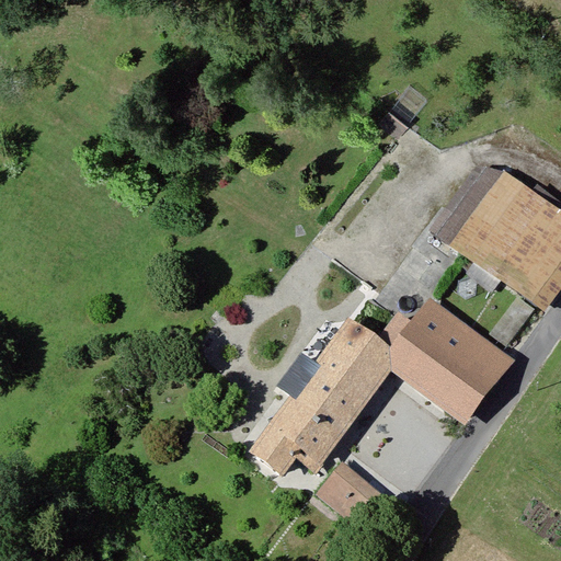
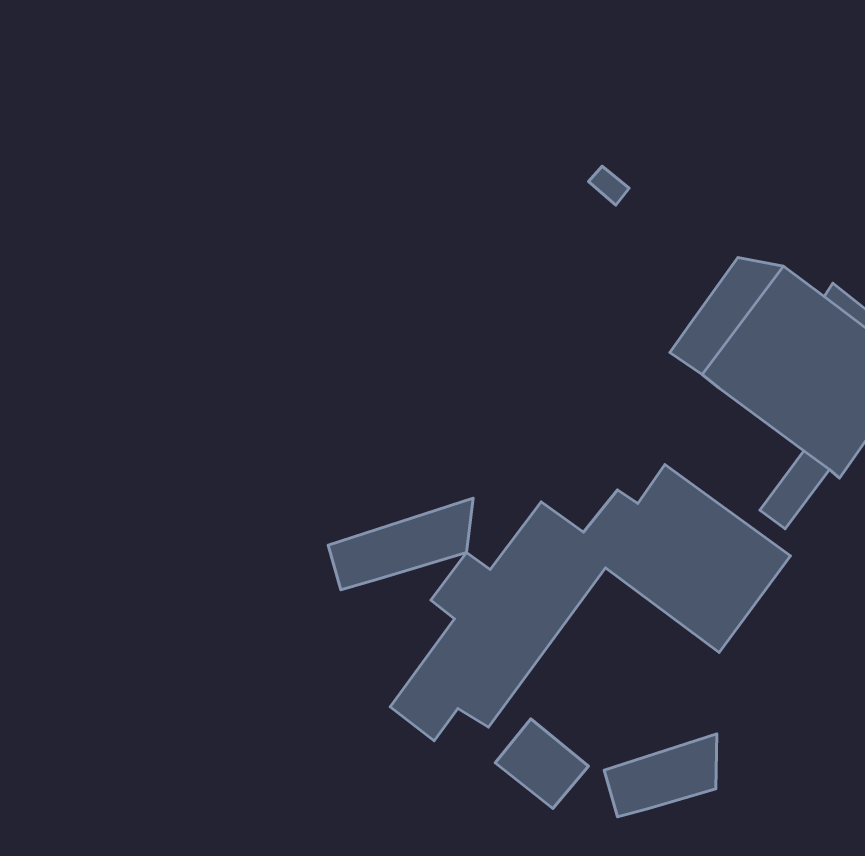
building: none -> [328,498,473,590]
building: none -> [604,734,717,817]

